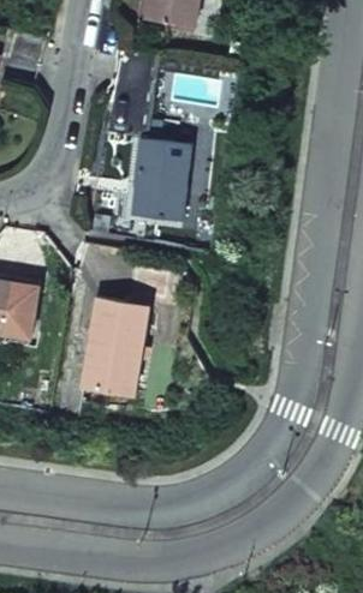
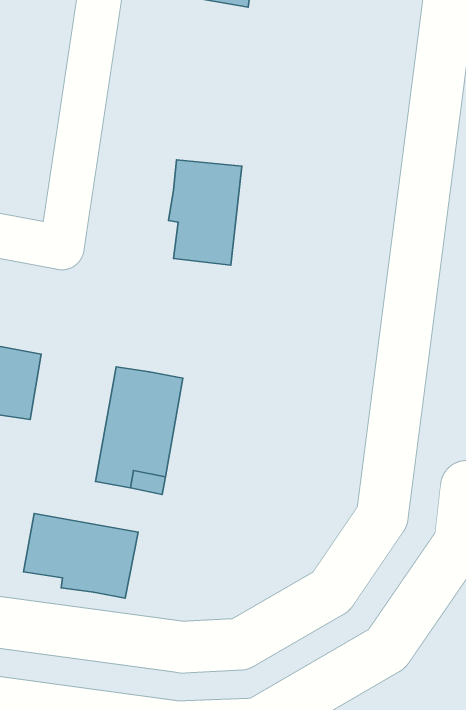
building: none -> [24,513,138,598]

